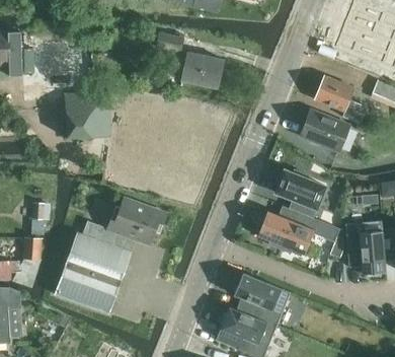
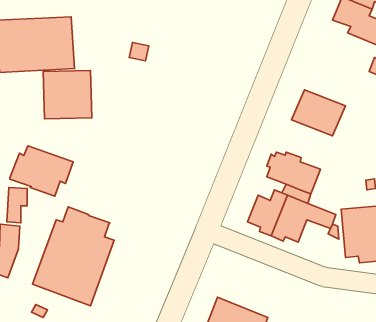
building: [157,33,224,88] -> none
building: [315,76,367,124] -> none
building: [107,198,167,245] -> [10,146,73,196]
building: [234,273,291,326] -> none

